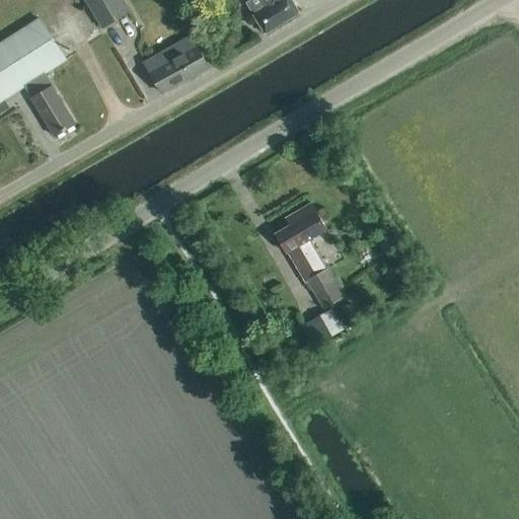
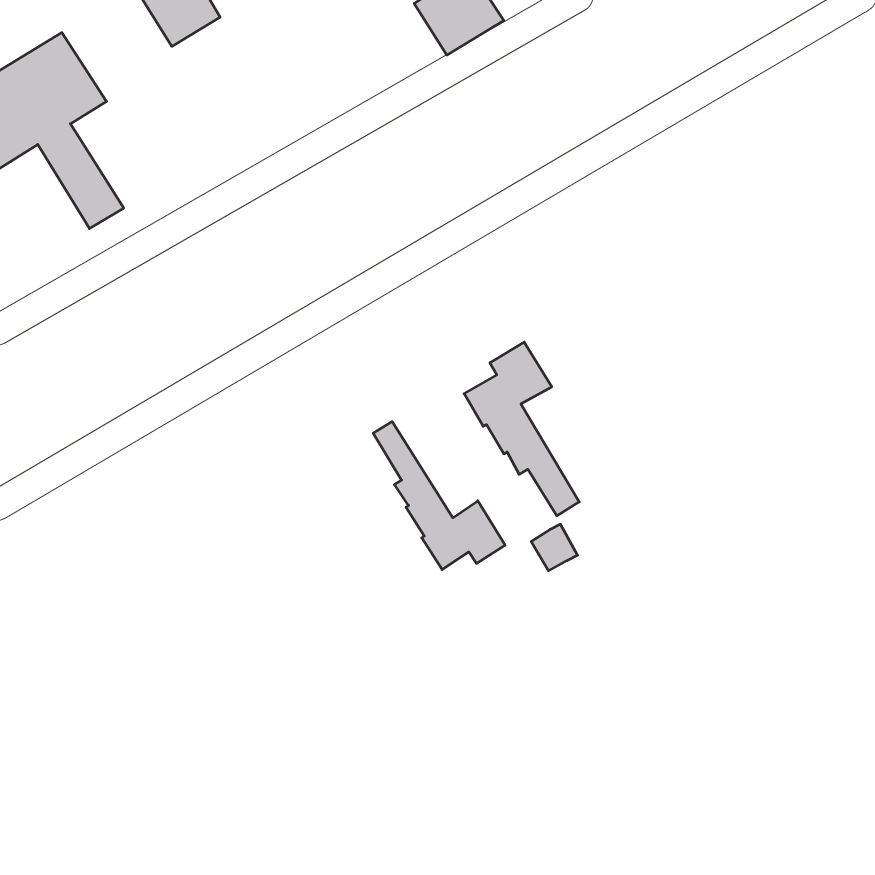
building: [143,36,205,93] -> none
building: none -> [373,422,505,570]

